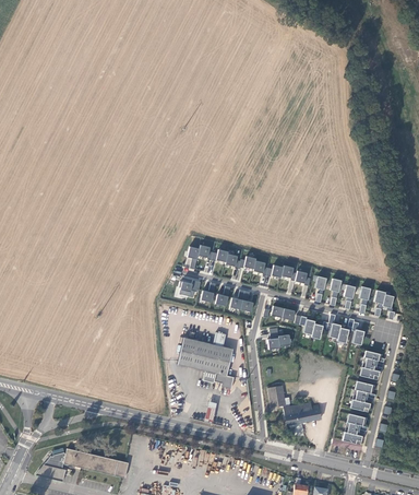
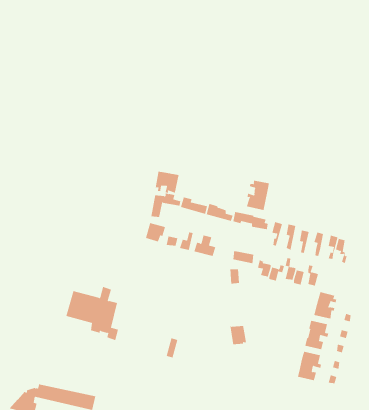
building: none -> [155,171,179,194]
building: none -> [246,180,269,211]
building: [175,332,231,390] -> [66,286,119,341]
building: [285,403,322,425] -> none

